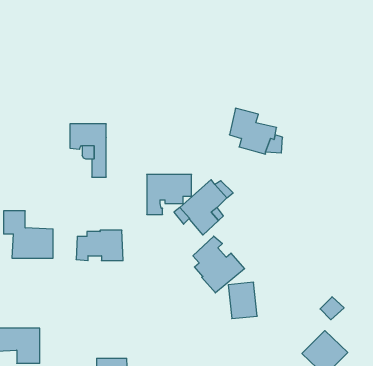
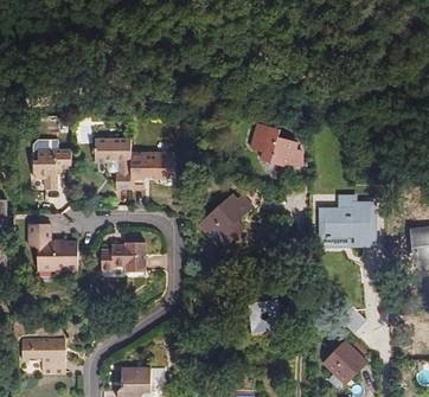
building: none -> [33,149,71,190]
building: [147,174,192,214] -> [130,151,174,190]
building: none -> [319,200,377,246]
building: [193,236,245,293] -> none

